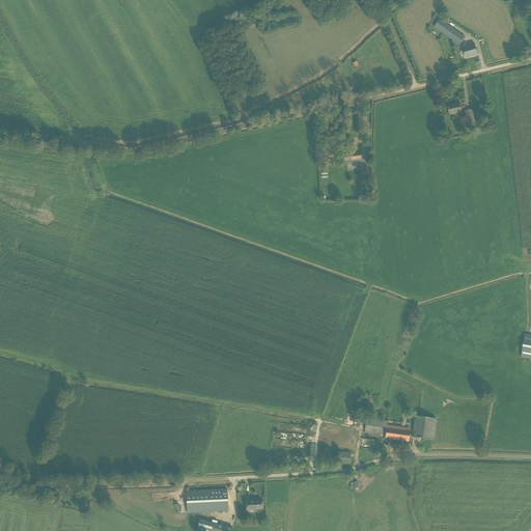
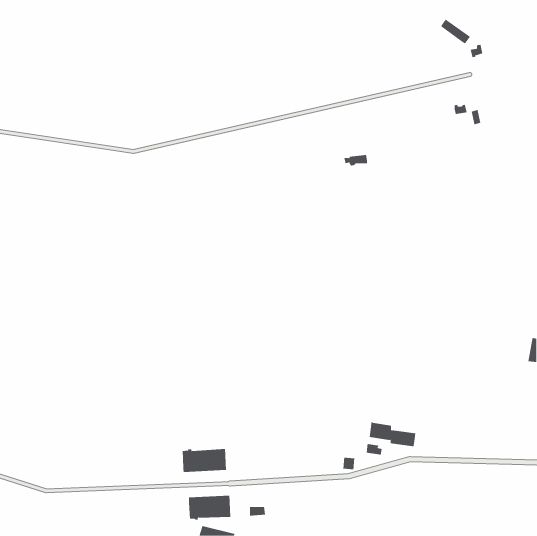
building: [412,415,436,439] -> none
building: none -> [182,448,227,473]

